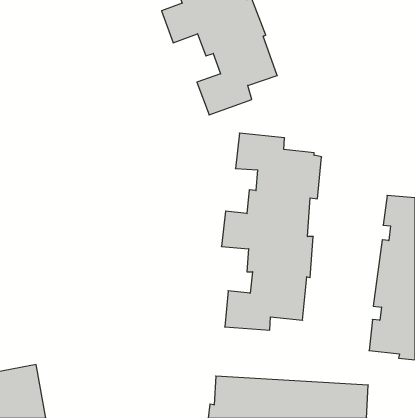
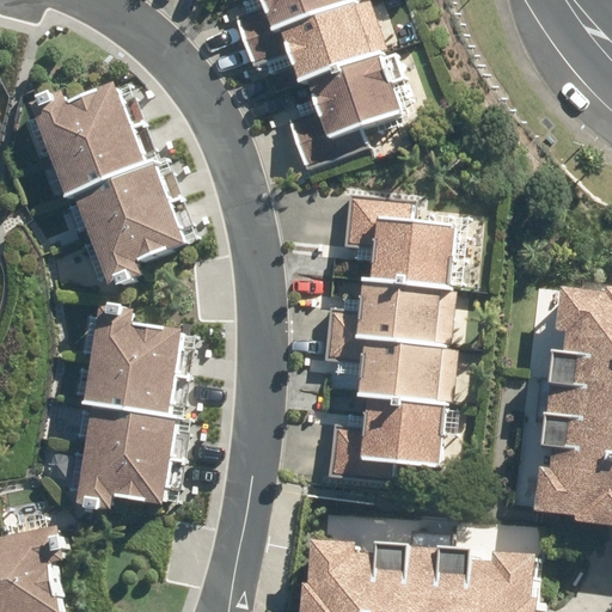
building: none -> [31,90,188,294]
building: none -> [74,304,178,520]

